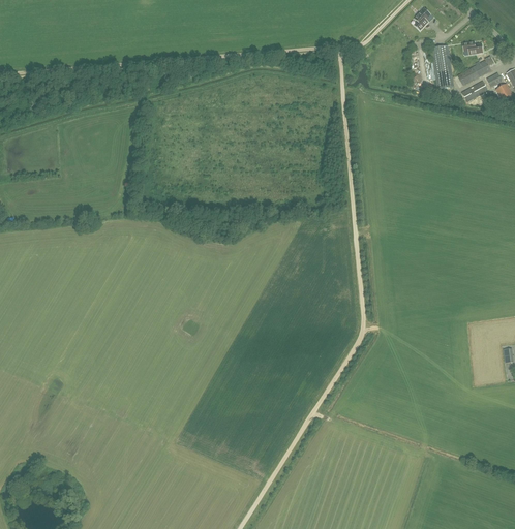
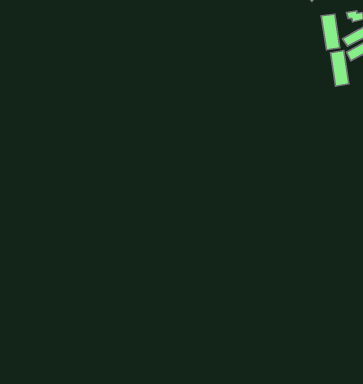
building: none -> [330,51,349,86]

